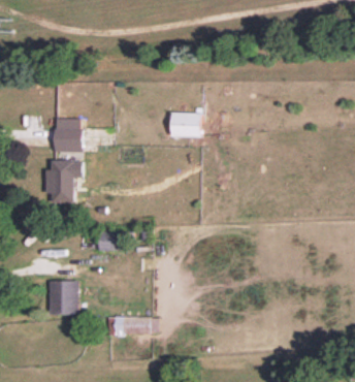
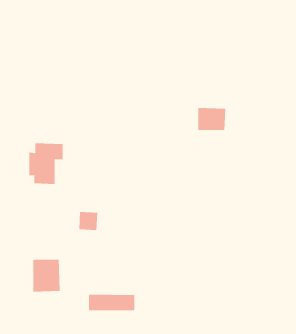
building: [170,112,200,135] -> [197,108,226,130]
building: [54,128,82,151] -> none

